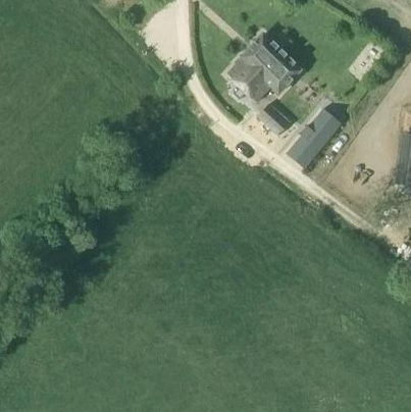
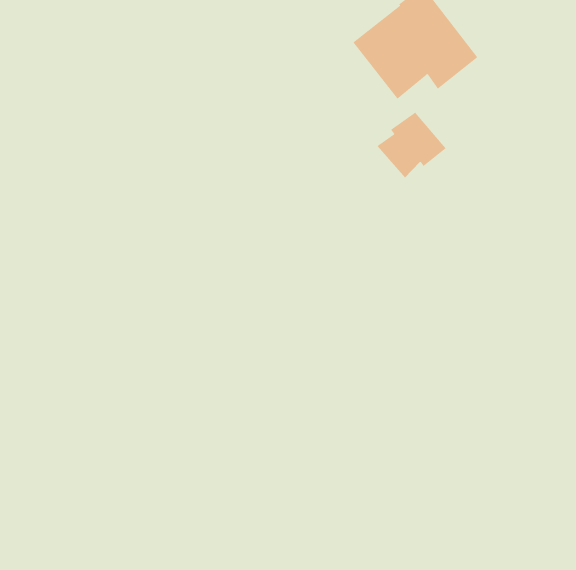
building: [286,108,341,168] -> none

